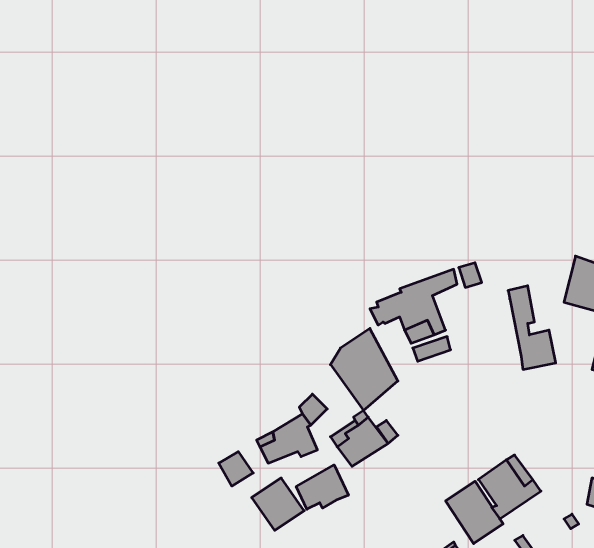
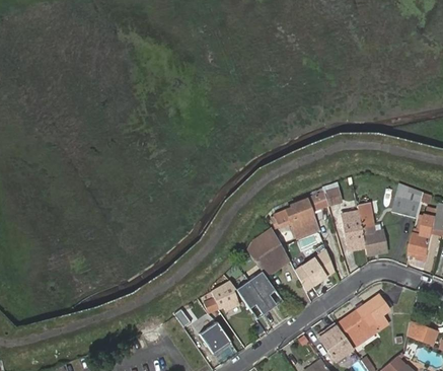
building: none -> [343,211,365,248]
building: none -> [295,247,337,293]
building: none -> [364,295,388,327]
building: [296,465,348,509] -> none

